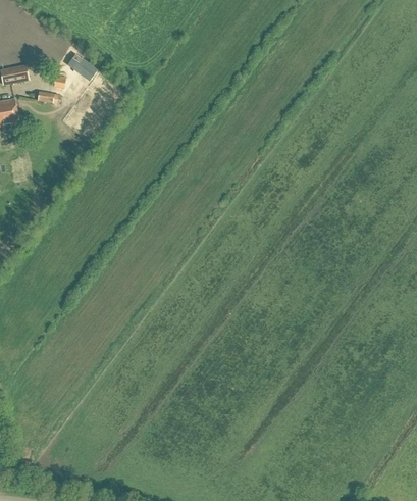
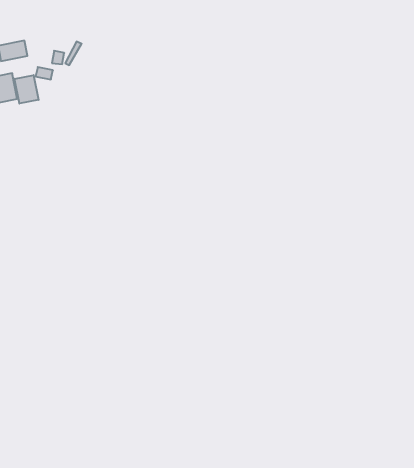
building: none -> [15,75,39,104]

